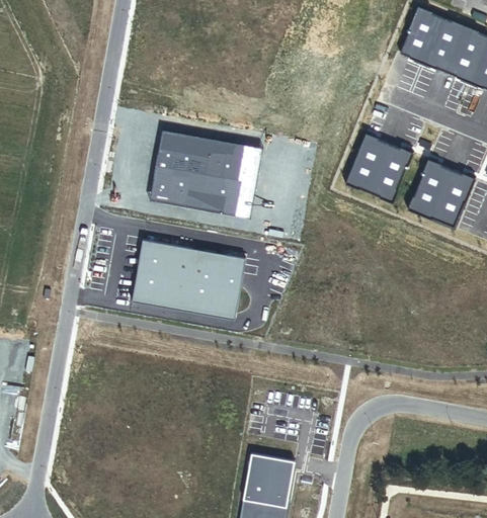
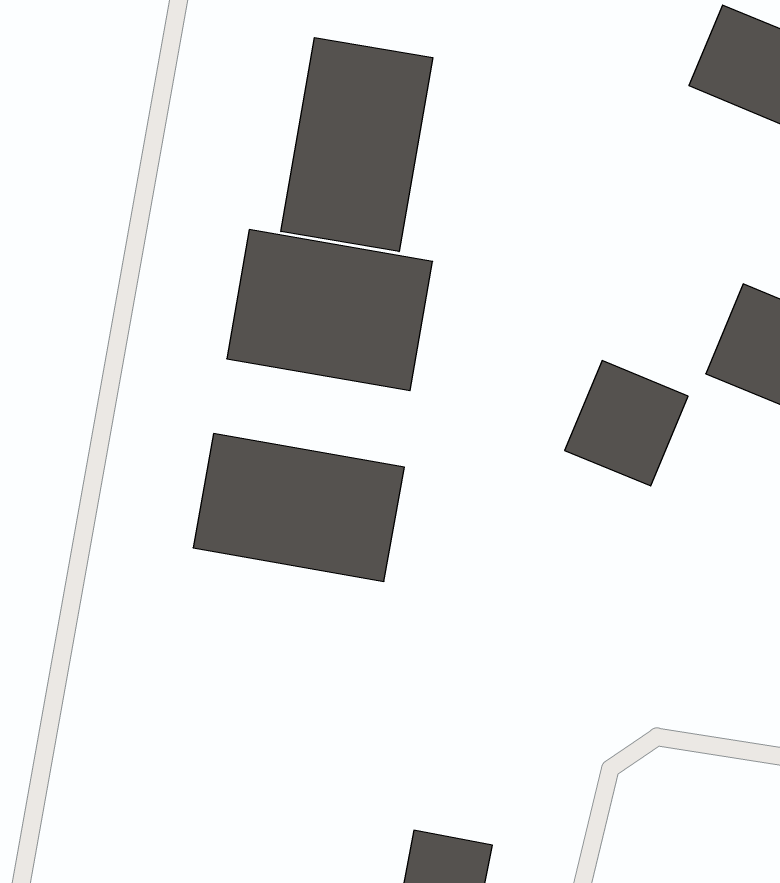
building: none -> [281,38,433,252]
building: [345,134,412,201] -> [565,361,688,486]

